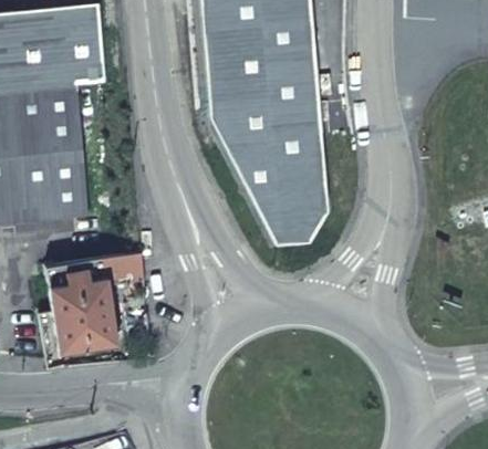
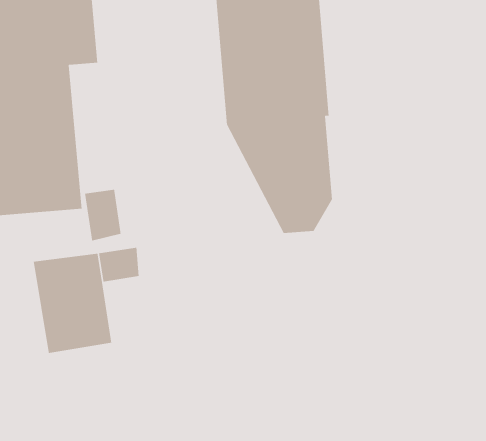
building: none -> [84,189,121,241]

